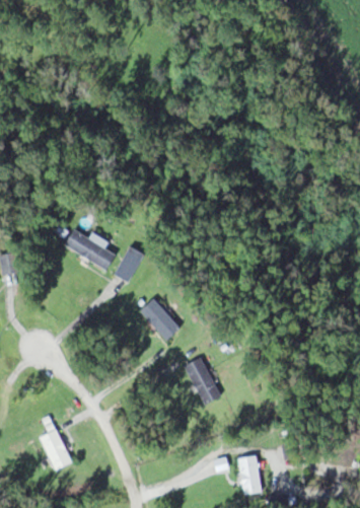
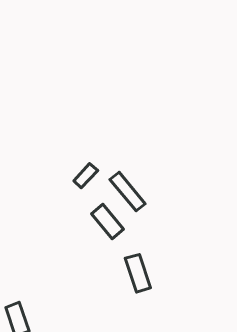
building: [63,229,115,269] -> none
building: none -> [110,172,145,211]

